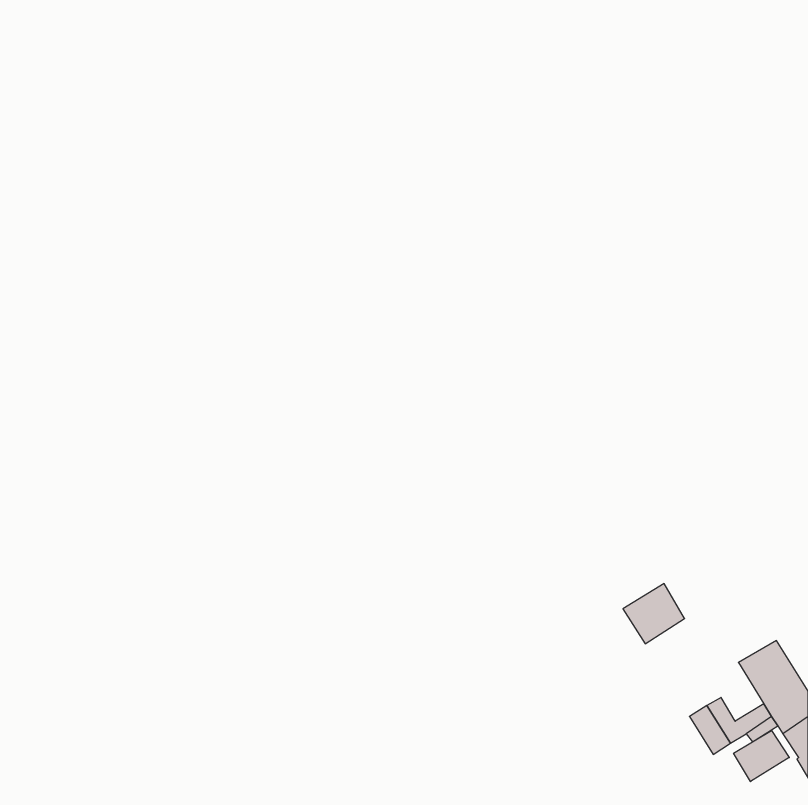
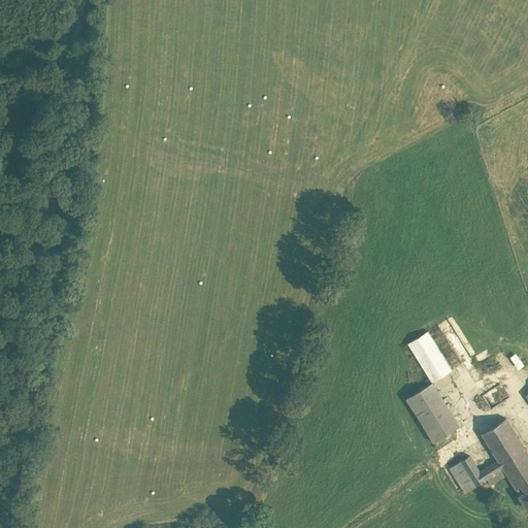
building: none -> [408,332,452,383]
building: none -> [421,405,460,443]
building: [734,730,789,782] -> none

